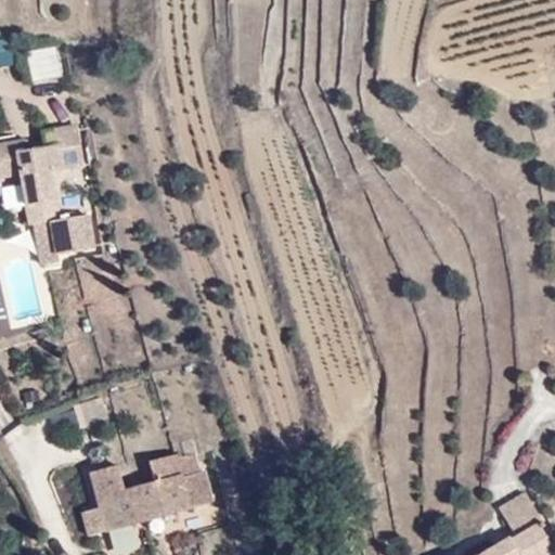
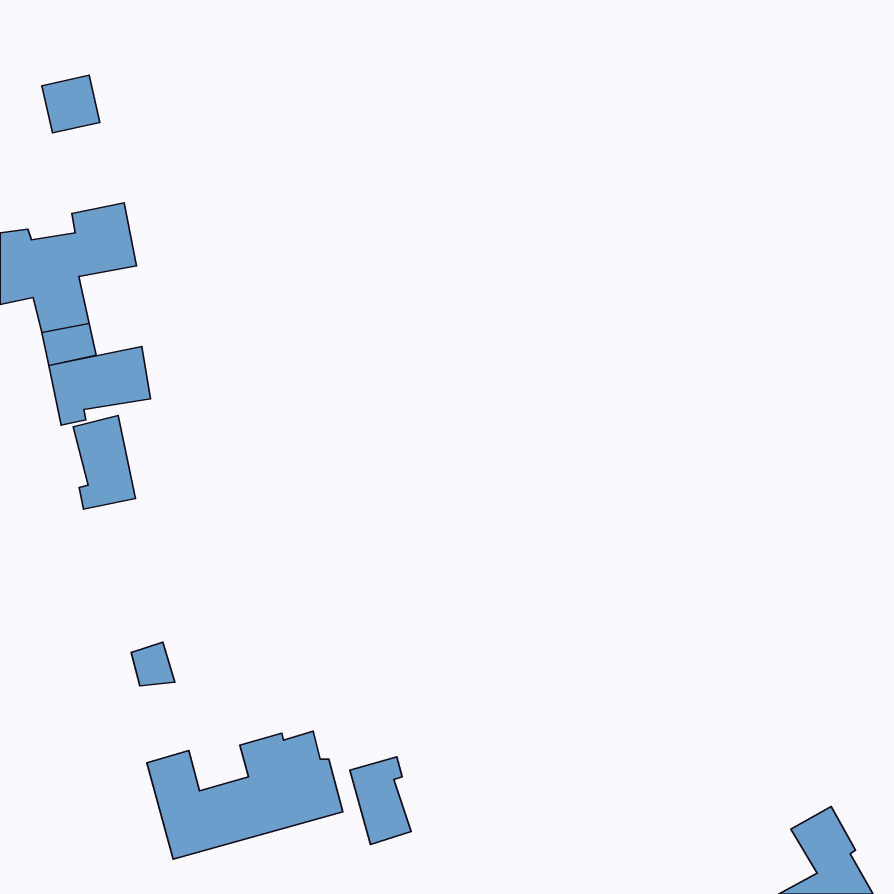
building: none -> [73,416,135,509]
building: none -> [350,757,411,845]

